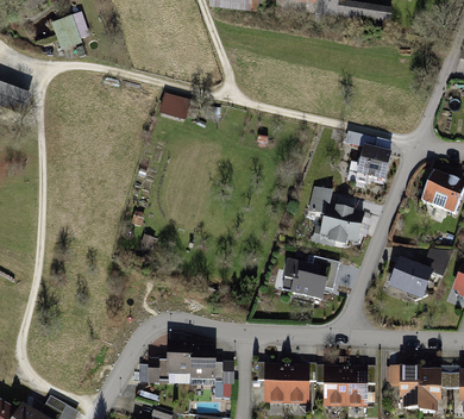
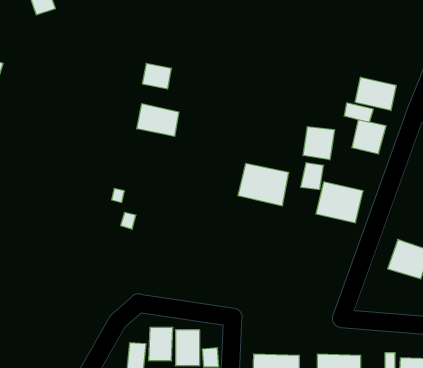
building: none -> [355,77,396,111]
building: none -> [137,104,179,136]
building: none -> [303,127,335,160]
building: [281,258,328,298] -> [238,164,289,206]

